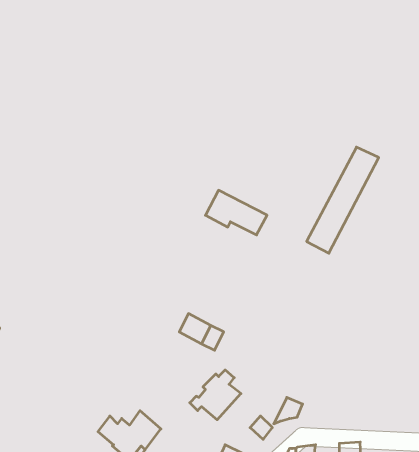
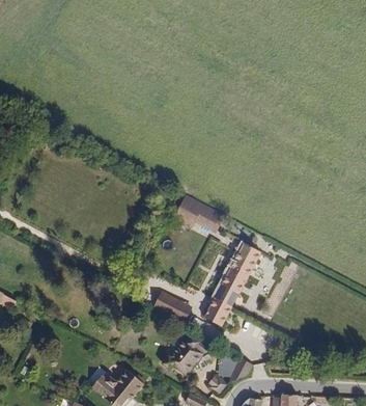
building: [307,147,379,253] -> [205,244,262,328]

